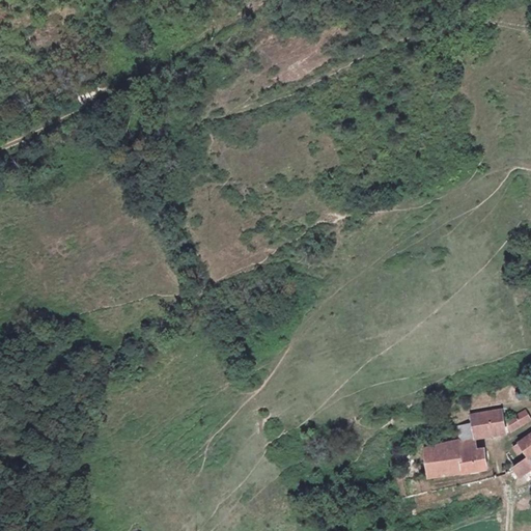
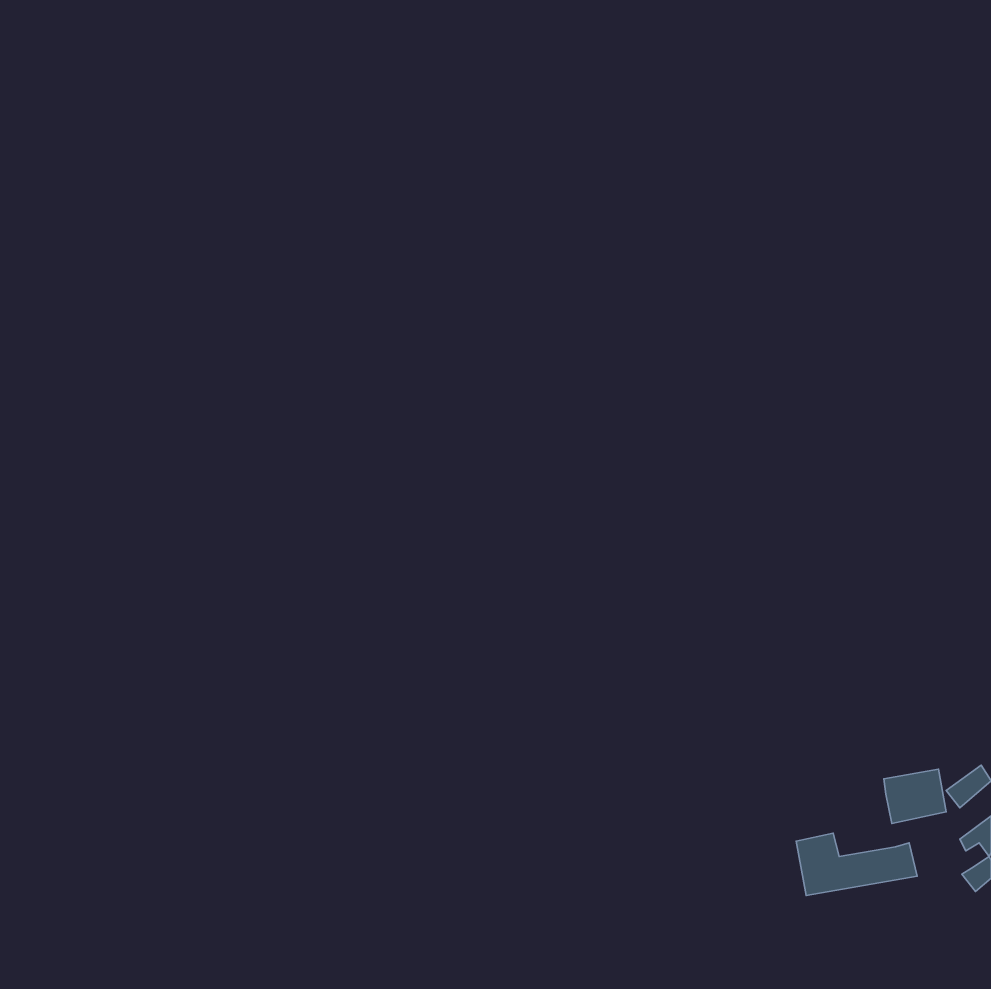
building: [444,423,477,456] -> none

